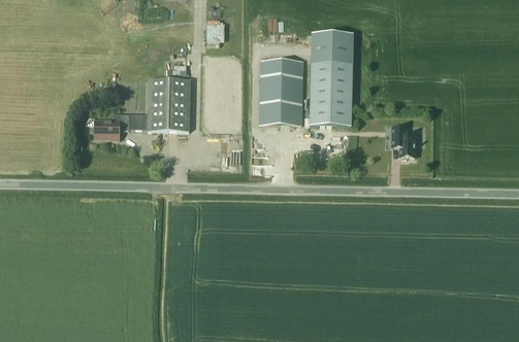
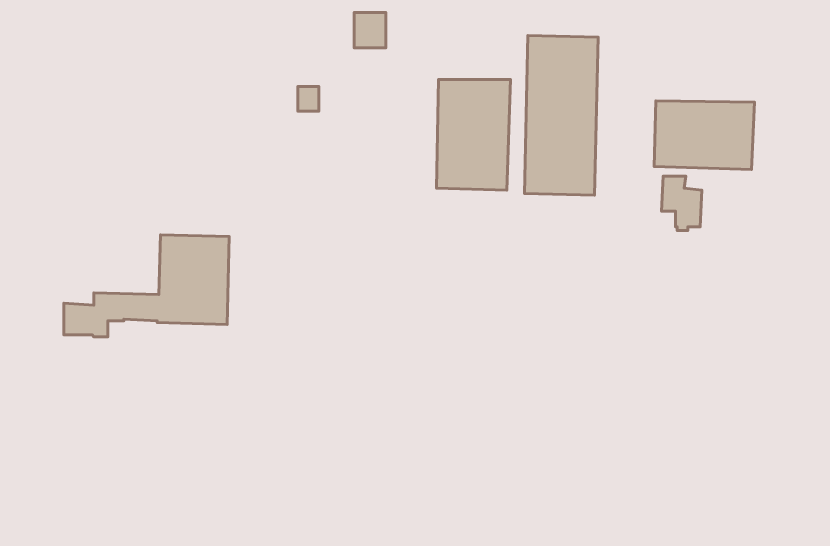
building: none -> [654,101,755,170]
building: [93,79,190,139] -> [64,235,229,337]

